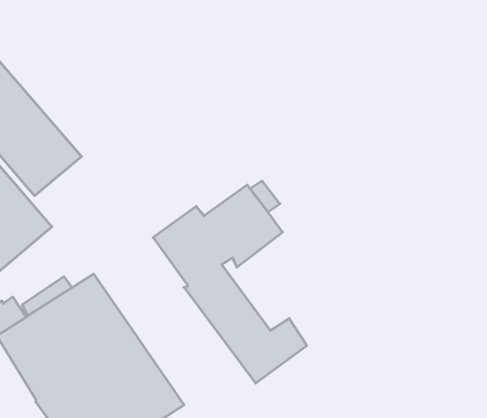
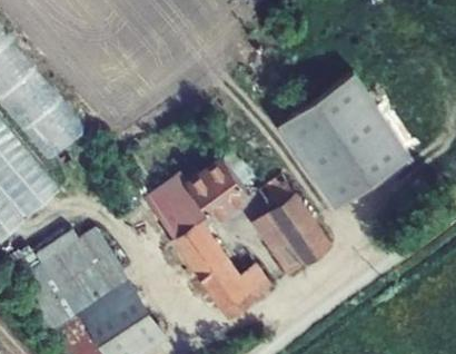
building: none -> [281,69,414,208]
building: none -> [252,177,334,277]

